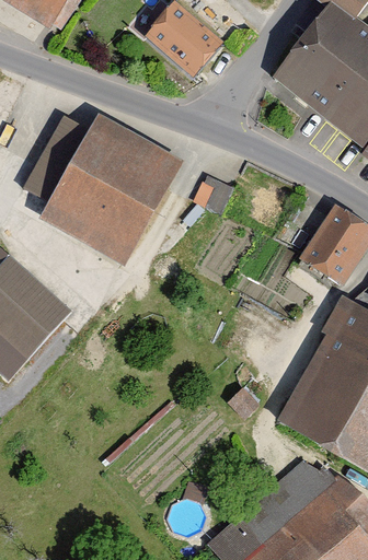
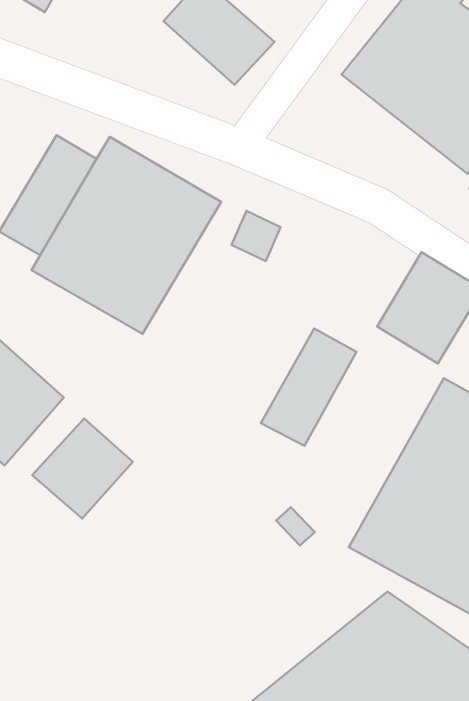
building: none -> [261,329,357,446]
building: none -> [32,419,133,518]

